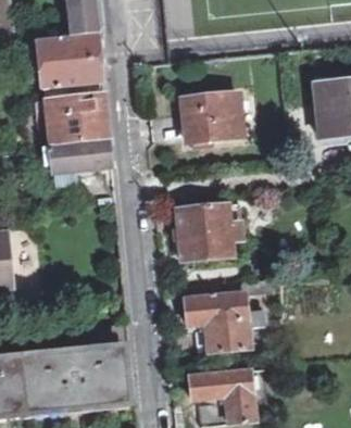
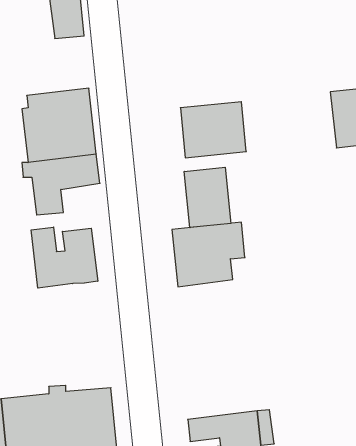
building: [37,35,101,88] -> none
building: none -> [184,167,231,228]
building: none -> [31,227,98,288]
building: [181,276,269,349] -> none

